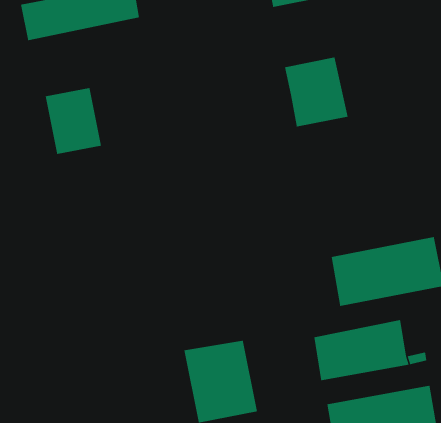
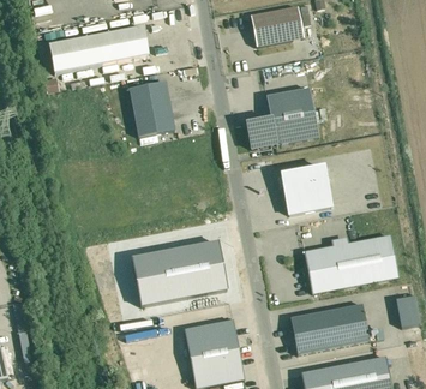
building: [45,87,102,155] -> [128,82,175,137]
building: none -> [247,118,276,148]
building: none -> [281,166,331,214]
building: none -> [131,240,226,305]

